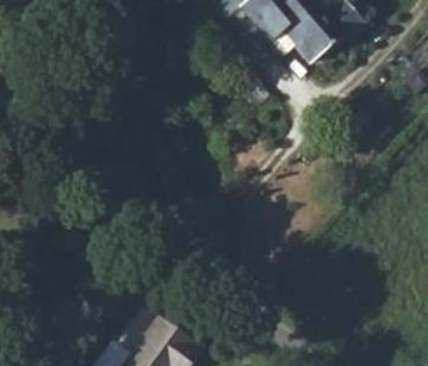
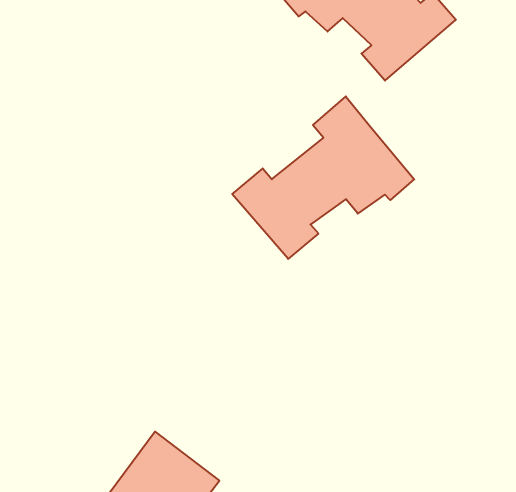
building: none -> [232,96,414,259]

